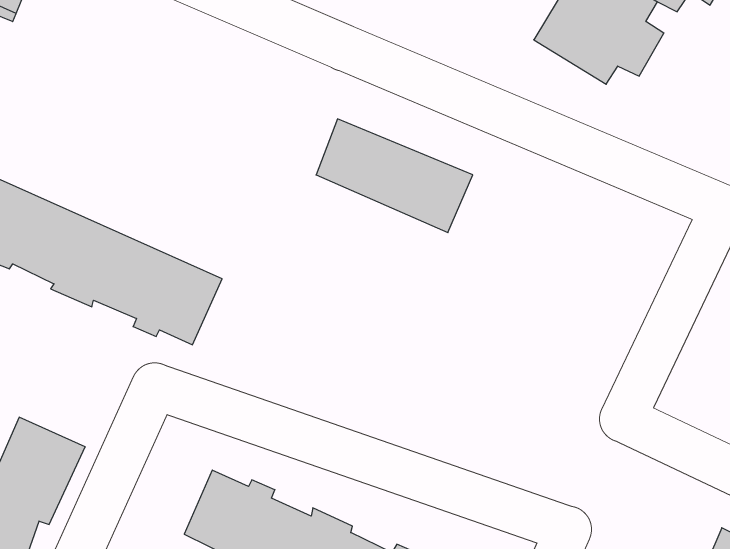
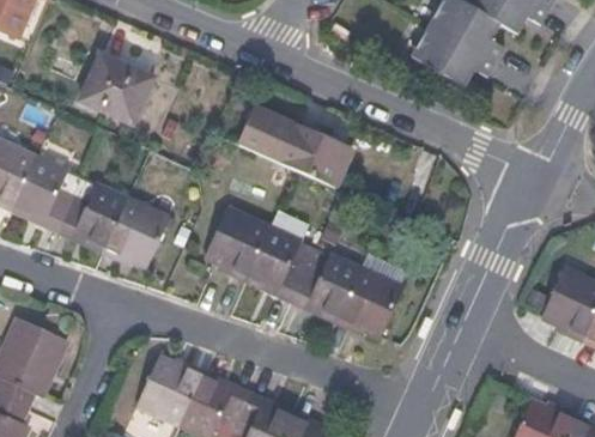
building: none -> [79,49,152,121]
building: none -> [205,210,405,336]

